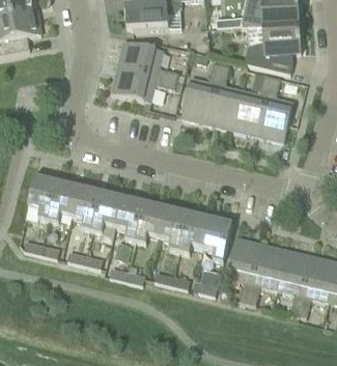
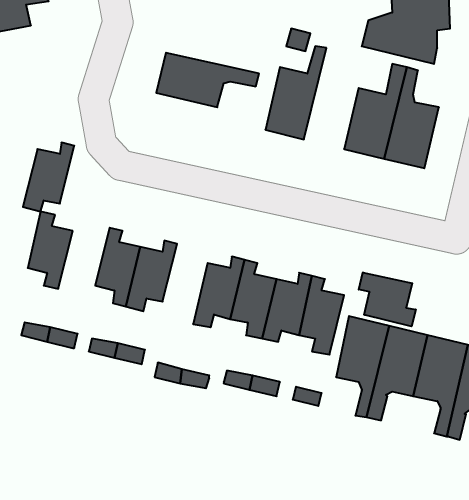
building: [117,40,178,80] -> none
building: [206,63,242,129] -> none
building: [48,177,81,222] -> [23,143,74,212]
building: [115,190,144,242] -> none
building: none -> [359,272,416,326]

